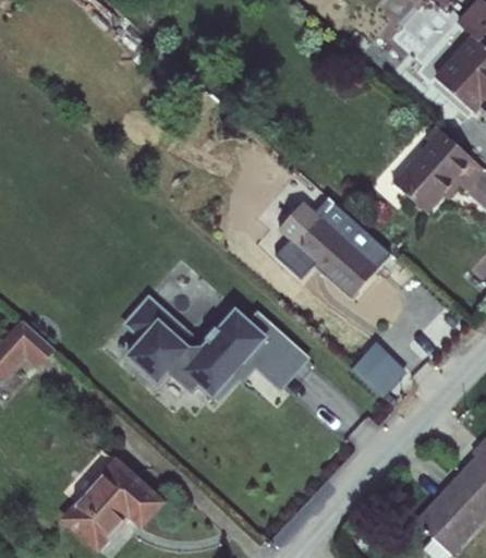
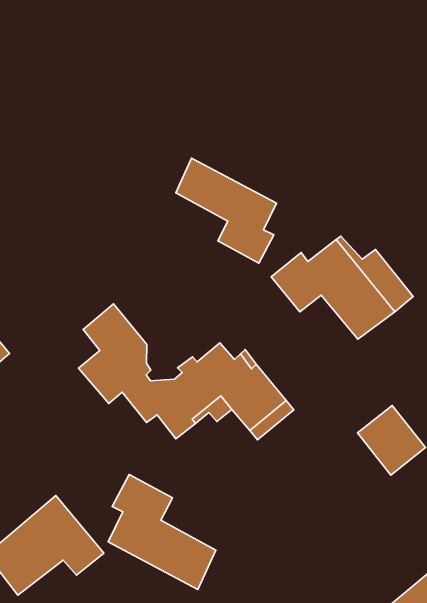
building: none -> [176,158,277,263]
building: none -> [108,474,216,590]

